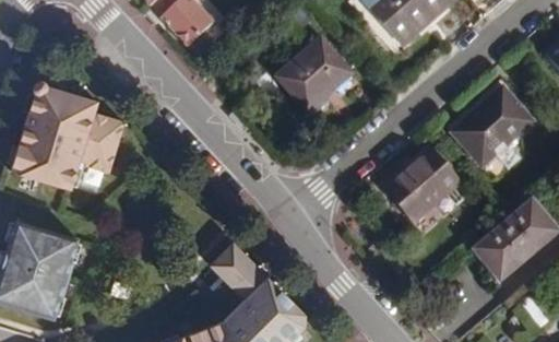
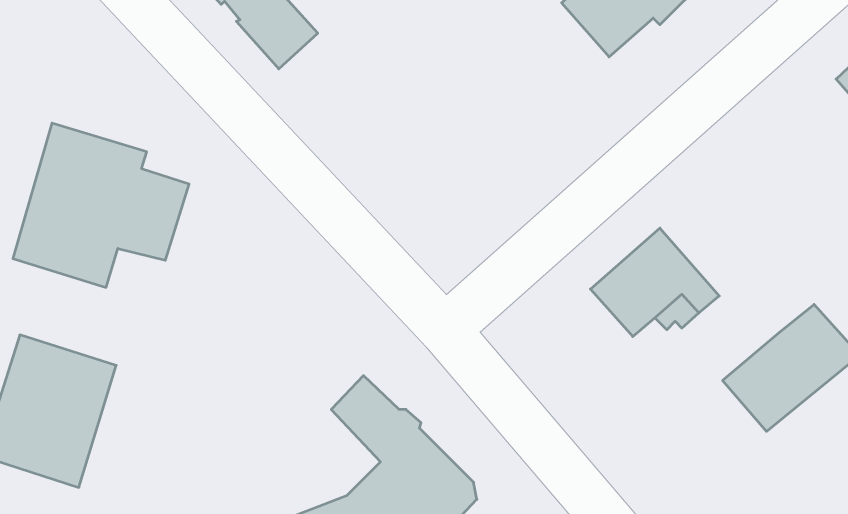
building: [276,37,350,110] -> none
building: [451,87,532,166] -> none

